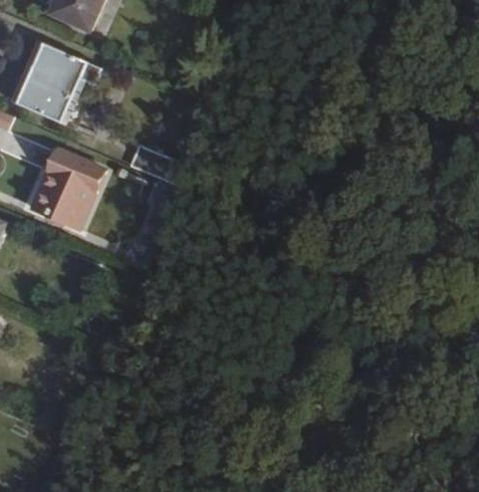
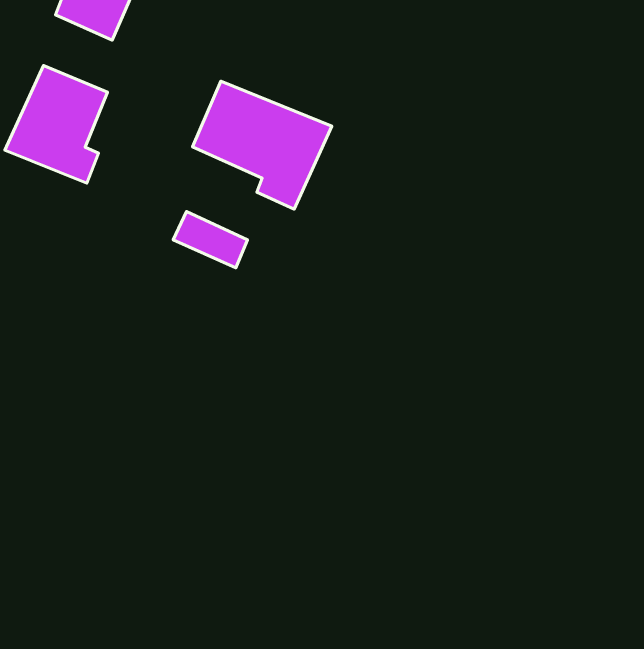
building: none -> [193,81,332,209]
building: [32,150,102,228] -> none

